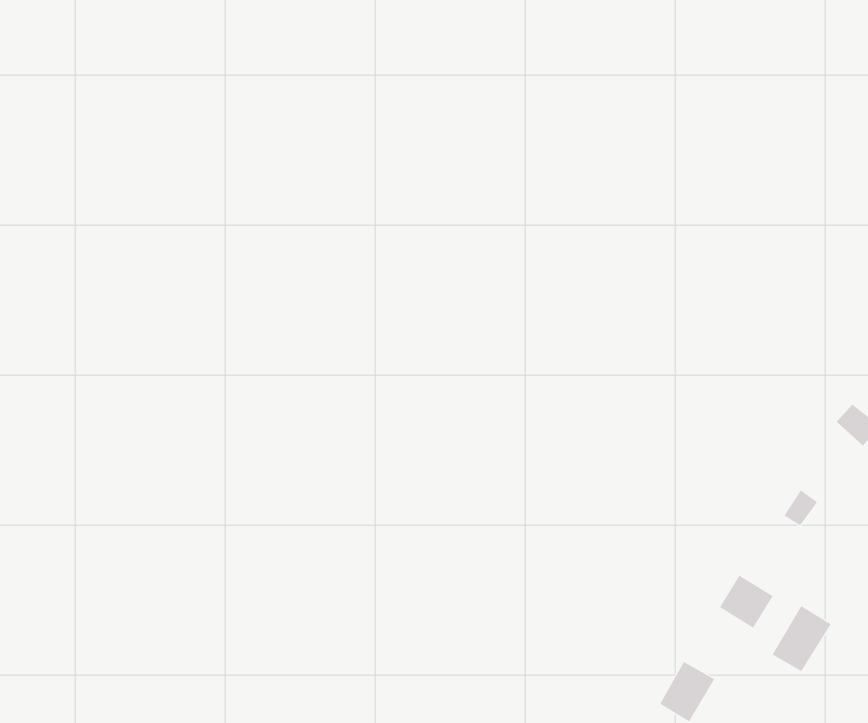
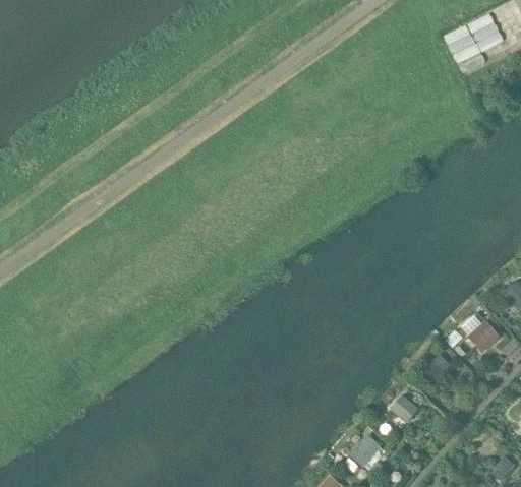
building: [772,605,831,672] -> none

